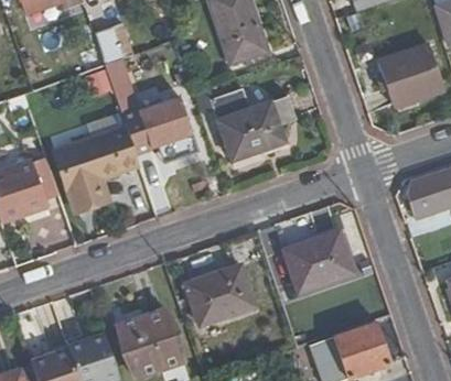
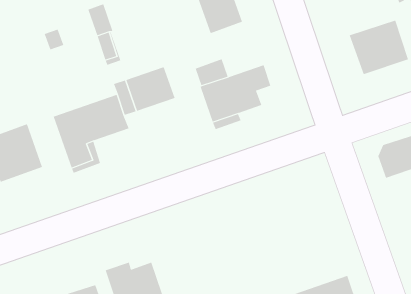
building: [286,232,353,291] -> none
building: [187,265,255,324] -> none

